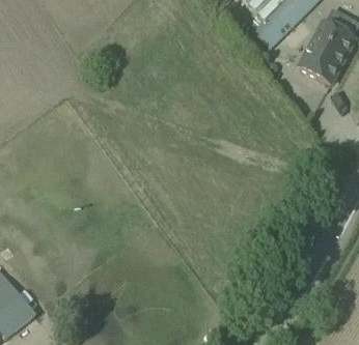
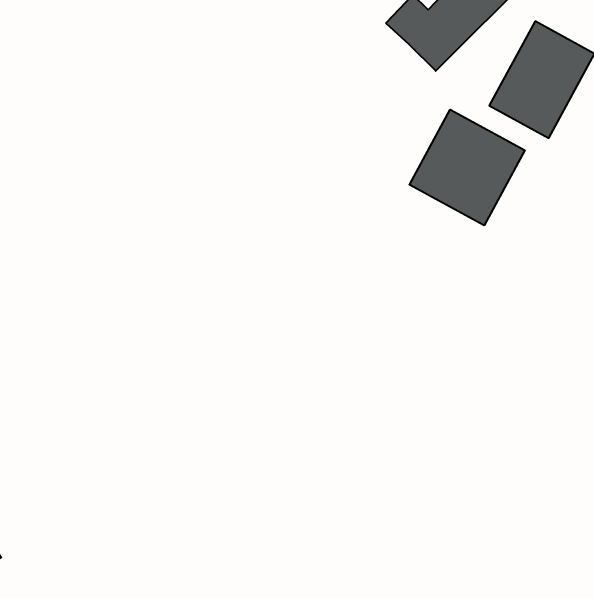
building: none -> [409,110,525,225]

